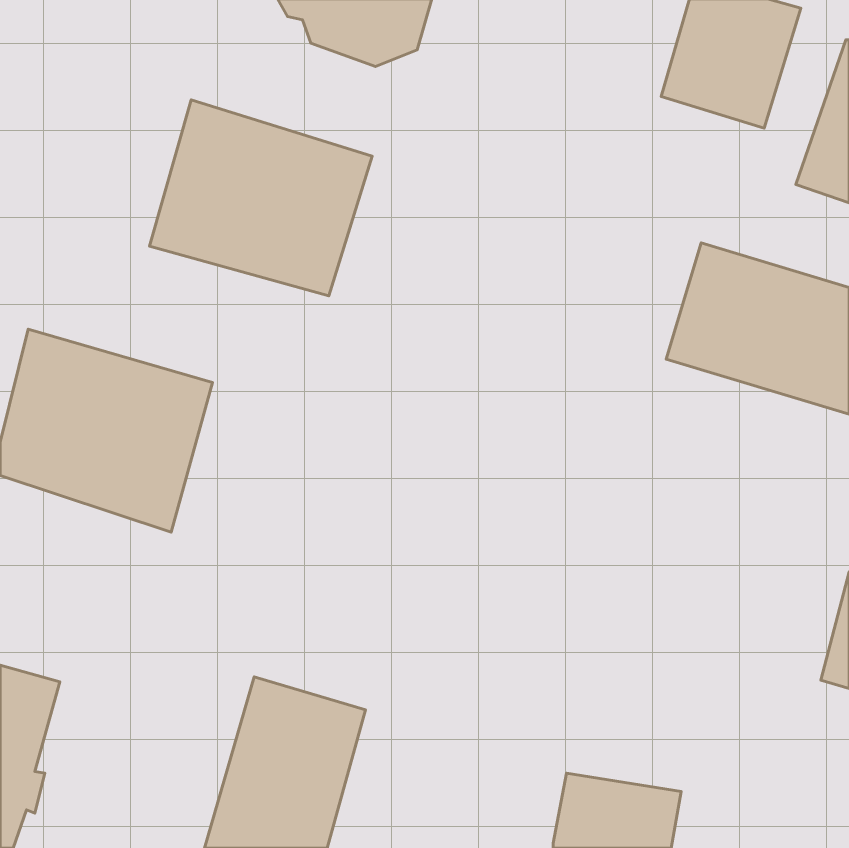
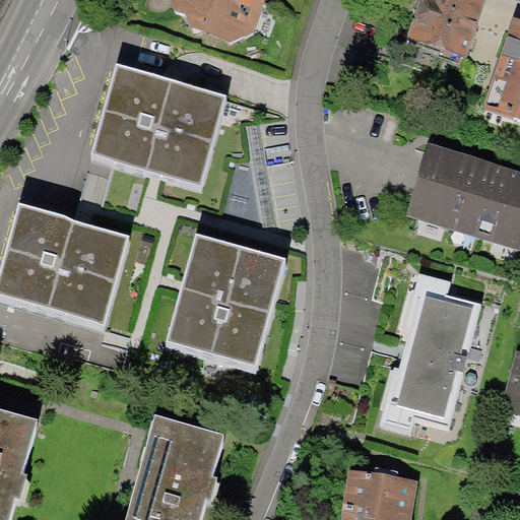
building: none -> [166,234,287,367]
building: none -> [379,278,483,437]

